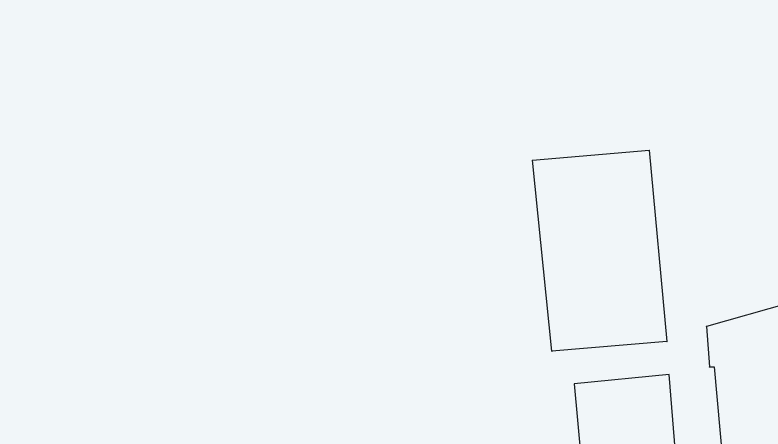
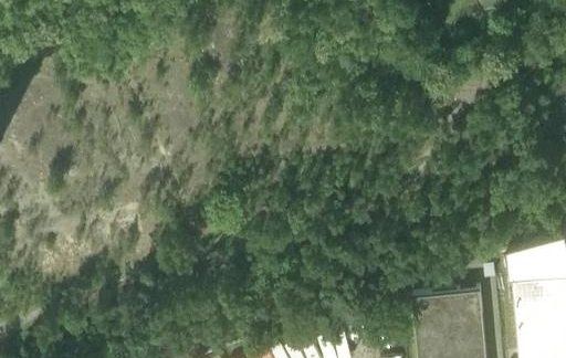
building: [532,150,667,351] -> none

